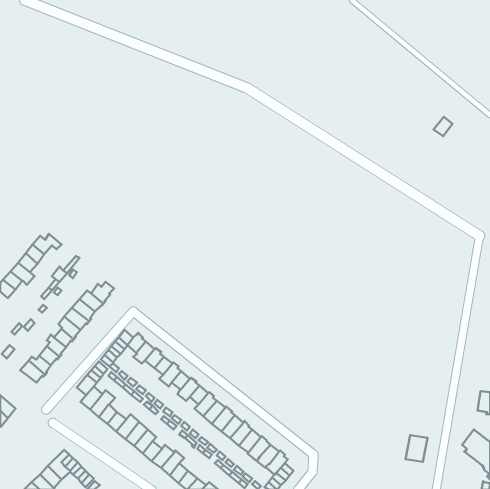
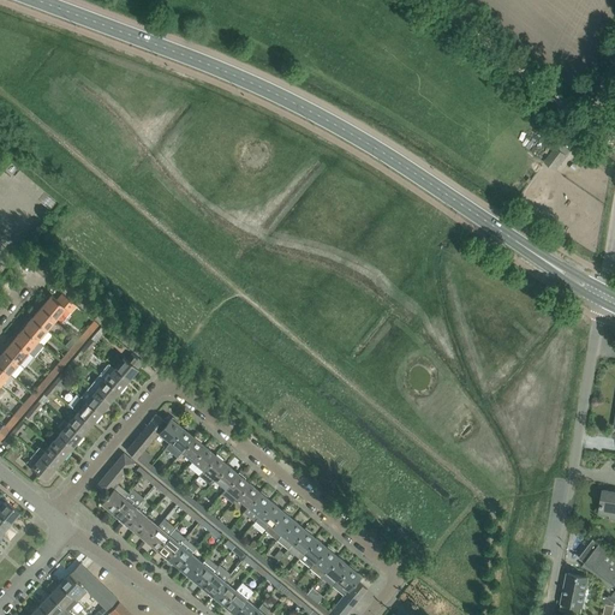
building: [405,435,427,462] -> [561,574,589,608]

